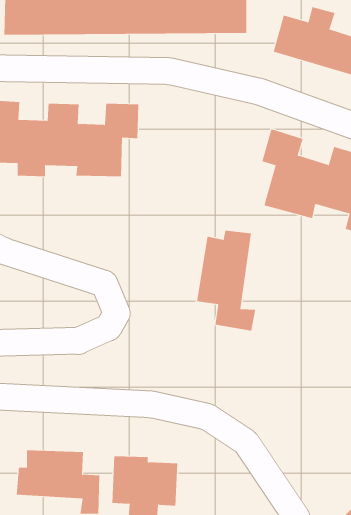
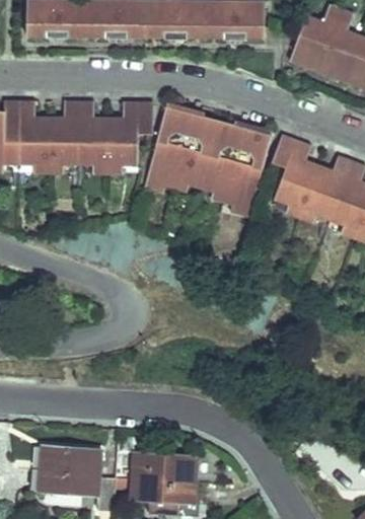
building: none -> [149,105,272,217]
building: [196,230,256,331] -> none

